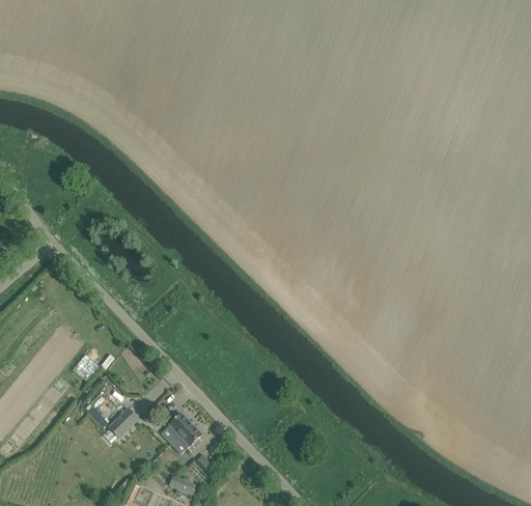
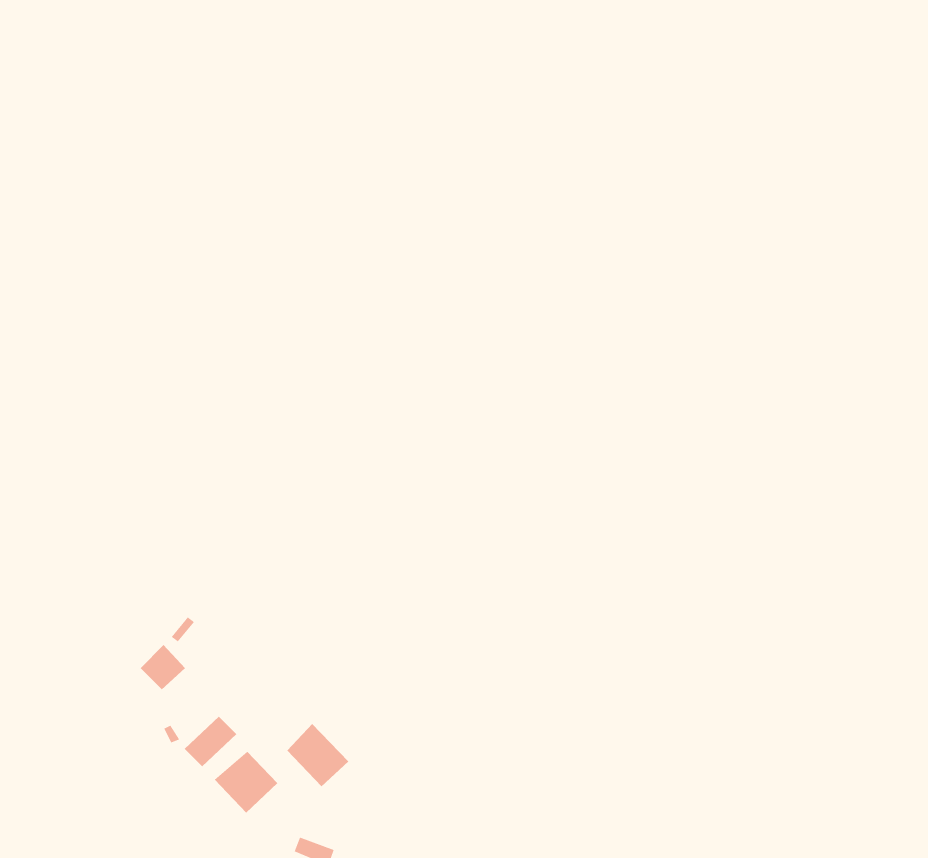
building: none -> [214,751,278,814]

